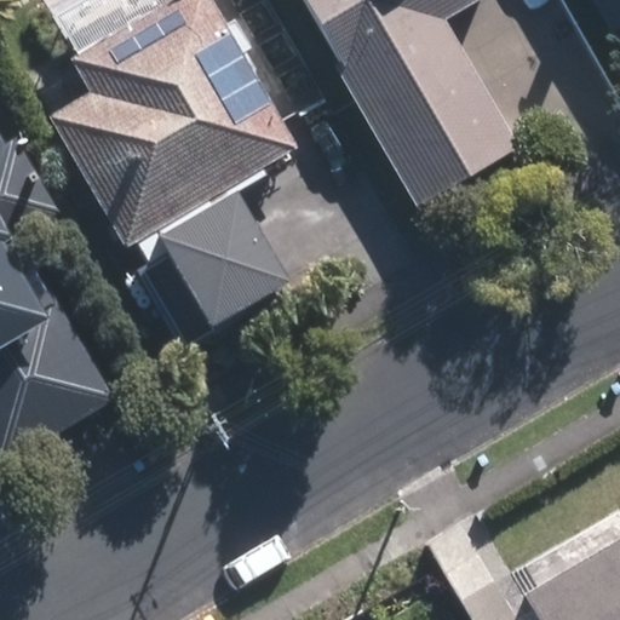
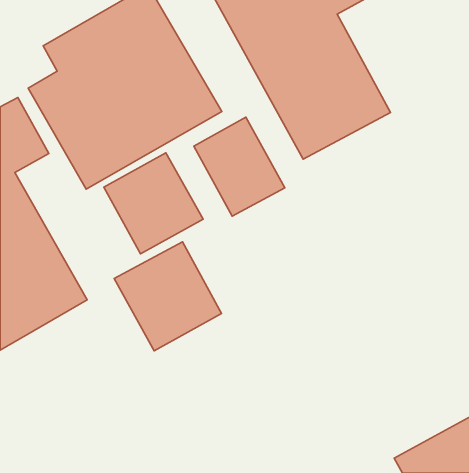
building: none -> [194,117,285,216]
building: none -> [114,242,221,351]

